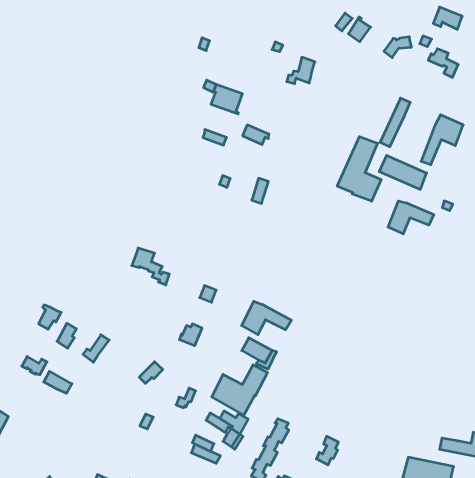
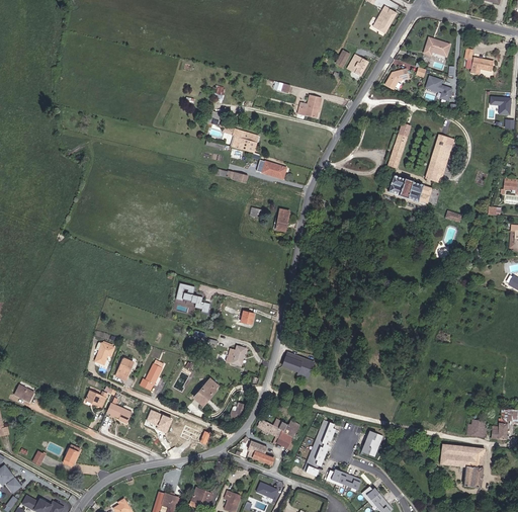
building: [337,137,381,201] -> none
building: [388,201,434,234] -> none
building: [242,301,291,335] -> none
building: [212,365,267,415] -> none
building: none -> [143,412,172,436]

